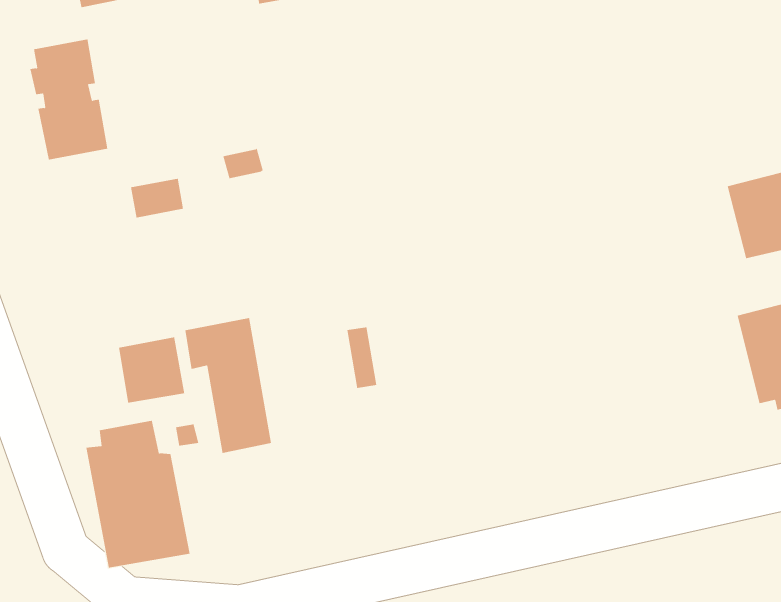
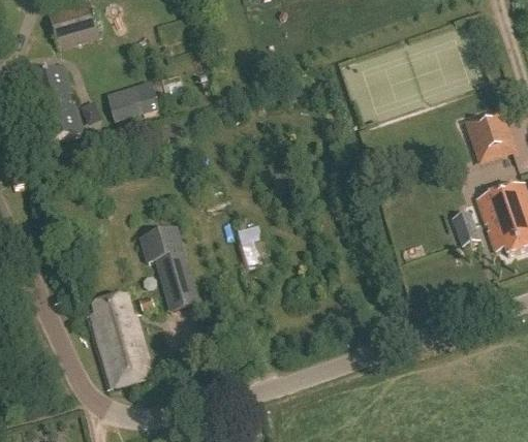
building: [130,178,184,218] -> [111,95,145,122]
building: none -> [454,211,482,244]
building: [119,337,185,403] -> none

